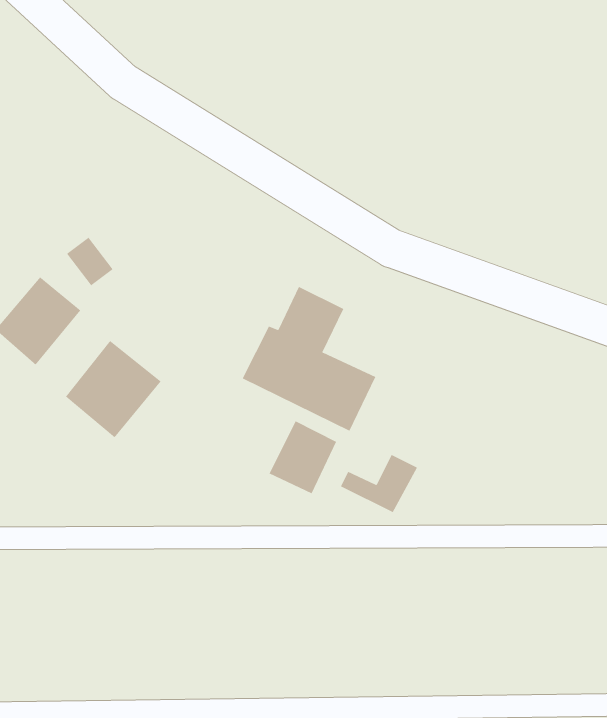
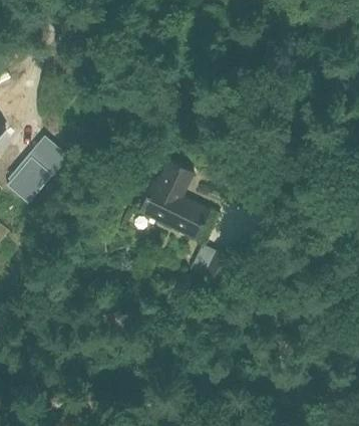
building: [65,340,161,438] -> none
building: [269,420,337,494] -> none

